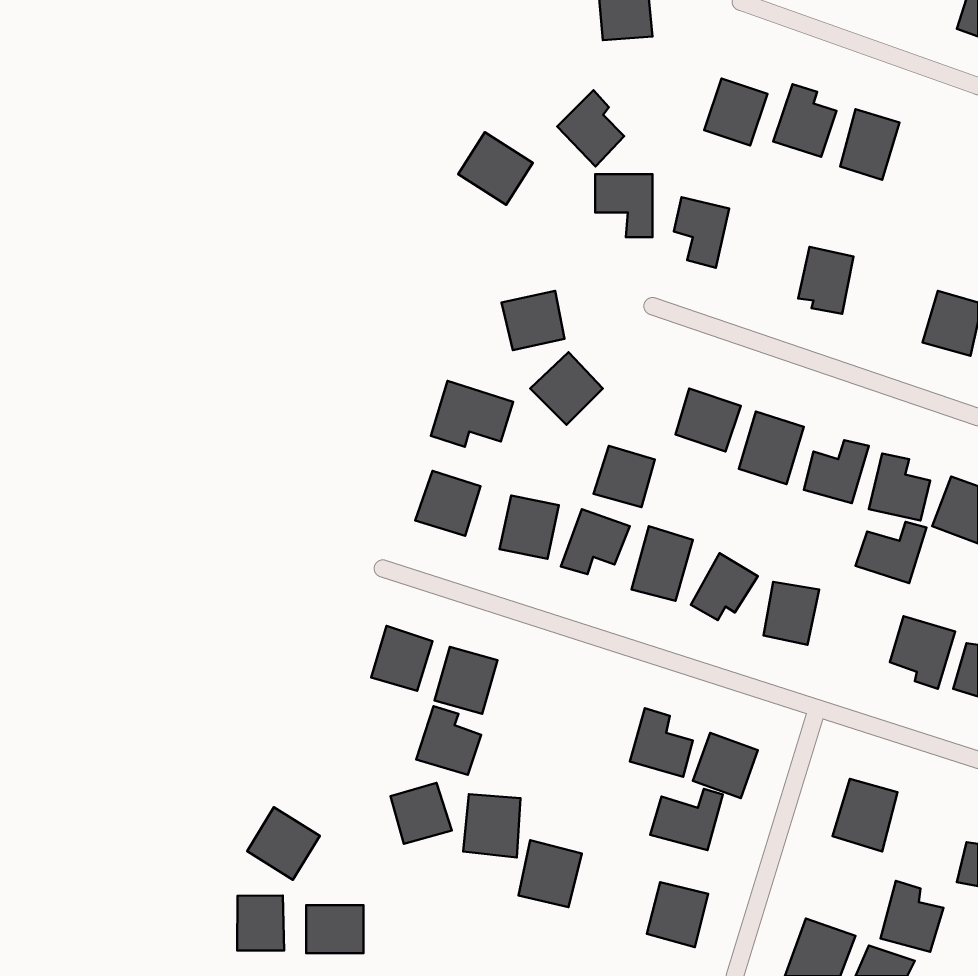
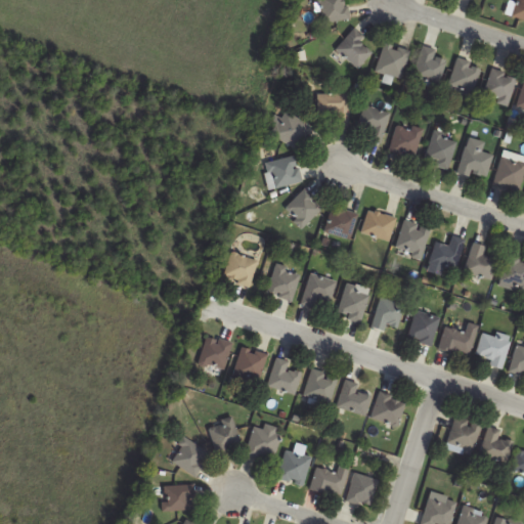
building: [557,90,624,167] -> [337,28,373,69]
building: none -> [482,68,518,105]
building: [458,132,533,205] -> [271,111,311,149]
building: none -> [390,122,423,158]
building: none -> [458,136,493,178]
building: [431,381,513,447] -> none
building: [594,446,655,507] -> [324,206,357,238]
building: [856,522,926,583] -> [439,322,477,355]
building: none -> [303,368,338,405]
building: [416,706,481,775] -> [266,357,301,394]
building: [650,789,723,850] -> [310,463,349,495]
building: [247,807,320,880] -> [171,437,210,476]
building: [880,881,944,952] -> [479,426,513,464]
building: [237,895,284,950] -> none

